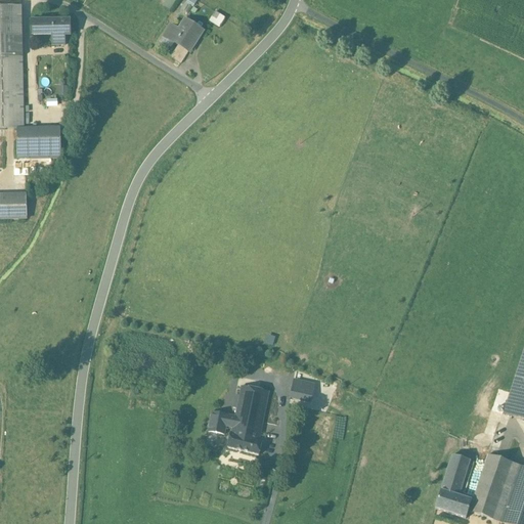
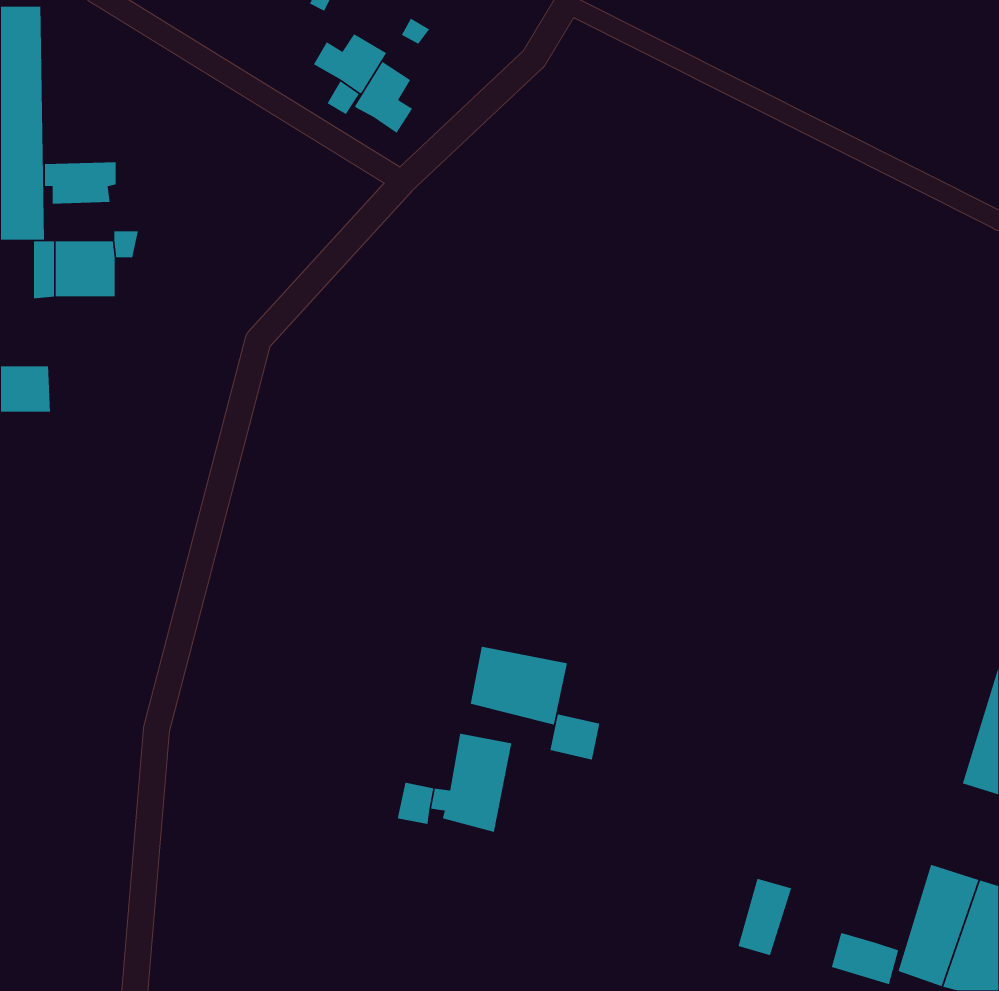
building: [32,17,70,40] -> [44,162,116,205]
building: none -> [354,61,413,134]
building: none -> [470,646,568,726]
building: [227,429,261,452] -> none
building: [441,452,470,493] -> [737,878,792,956]

